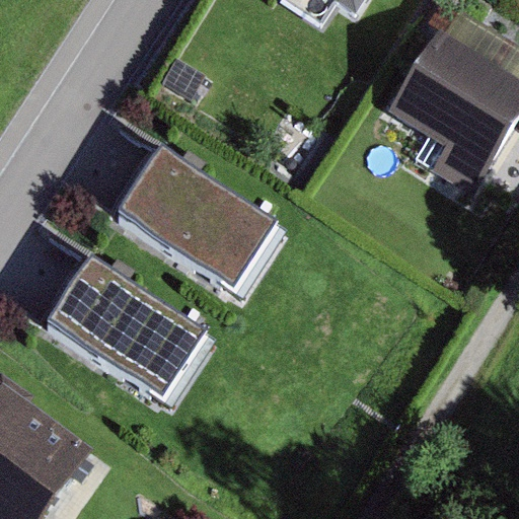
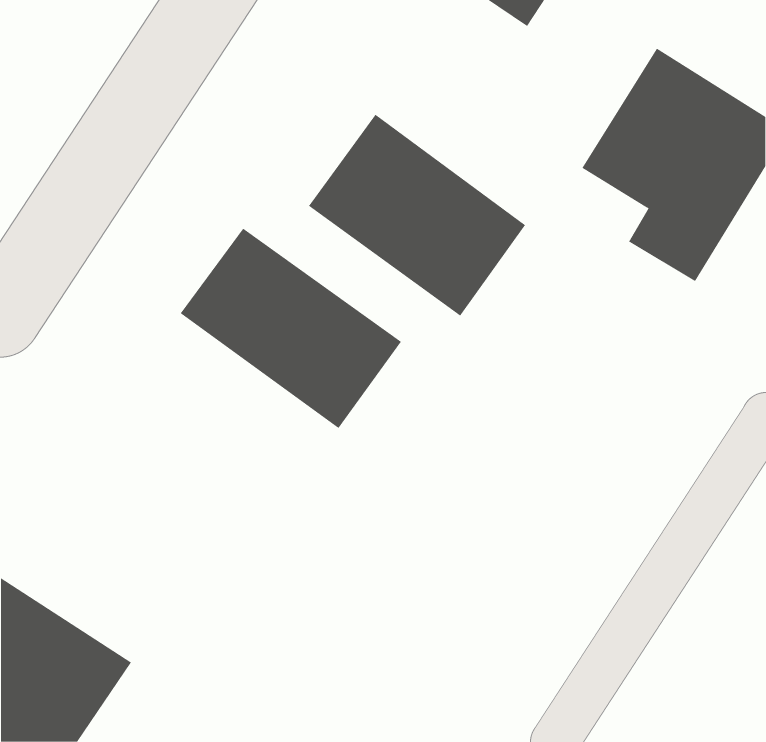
building: none -> [308,114,526,317]
building: [48,260,208,400] -> none

